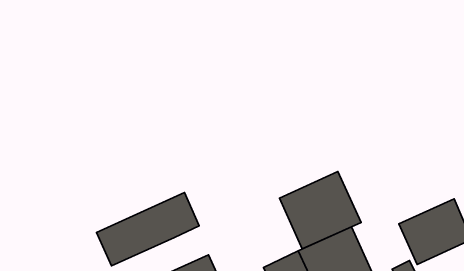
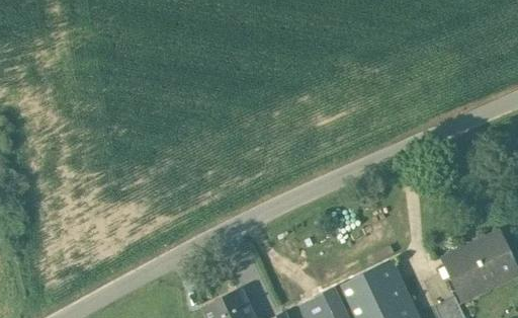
building: [279,171,361,249] -> none
building: [97,192,199,266] -> none

